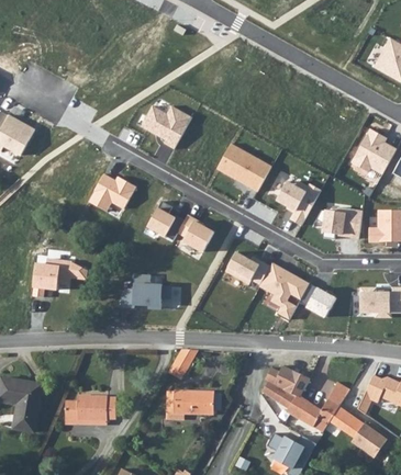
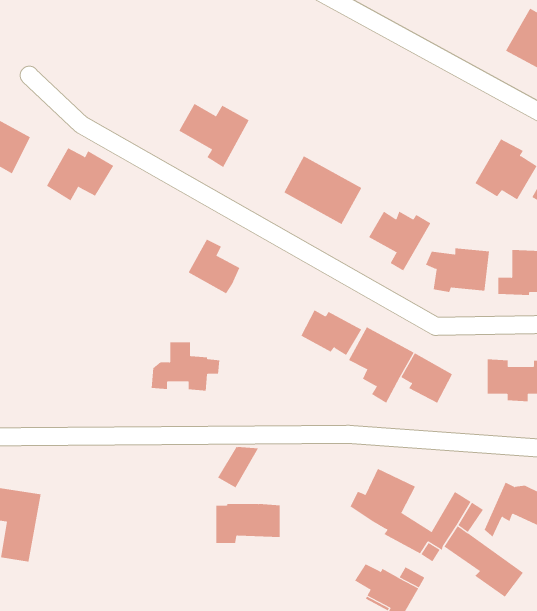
building: [88,173,136,212] -> [46,147,114,201]
building: [179,215,214,252] -> none
building: [31,257,88,292] -> none
building: [65,396,116,425] -> none

